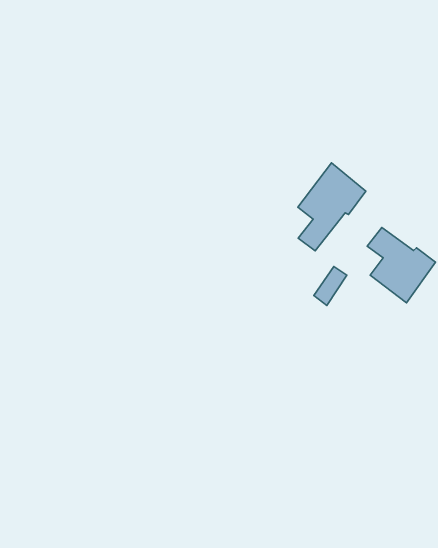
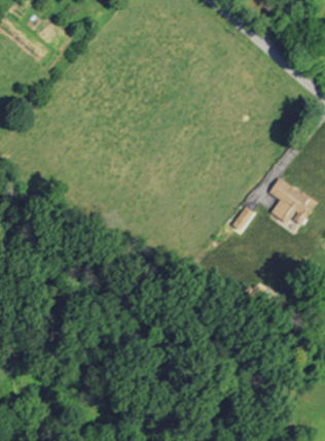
building: [298,163,366,251] -> none

